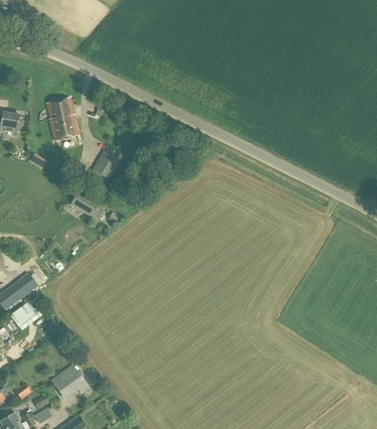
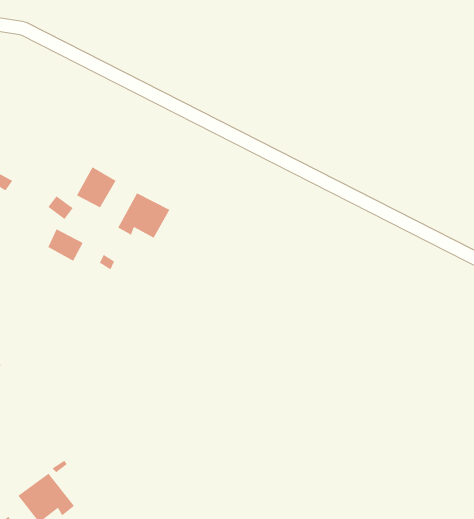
building: [47,97,79,140] -> none
building: none -> [118,193,170,239]

